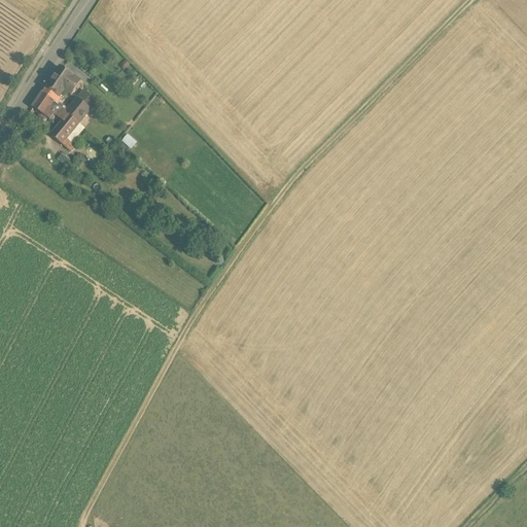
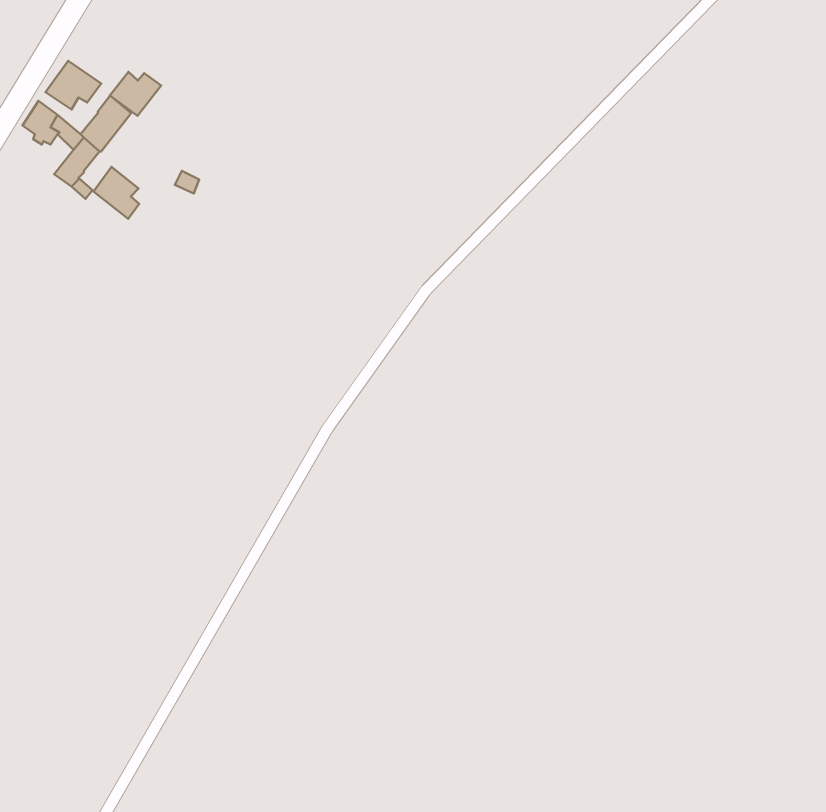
building: none -> [110,72,161,116]
building: none -> [94,167,139,219]

